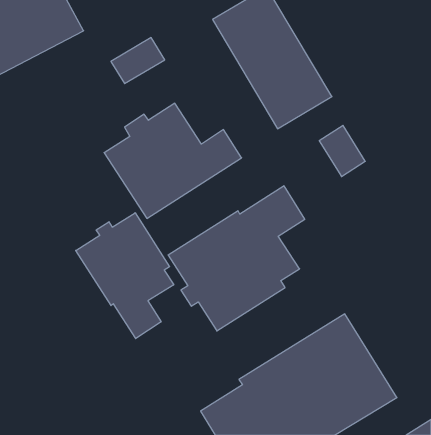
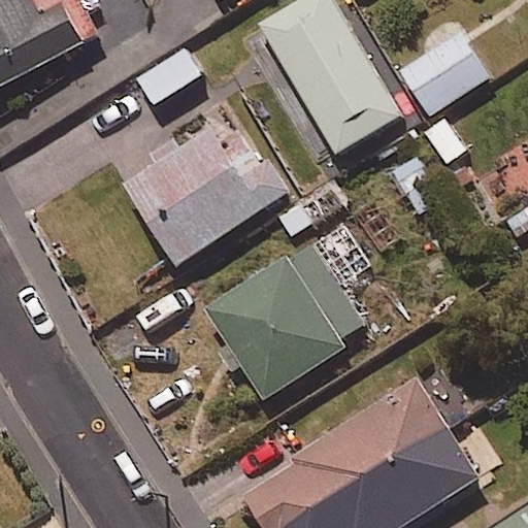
building: none -> [399,29,486,111]
building: [76,213,174,339] -> none

